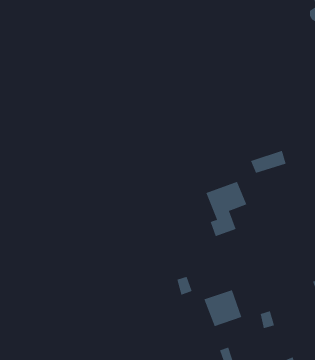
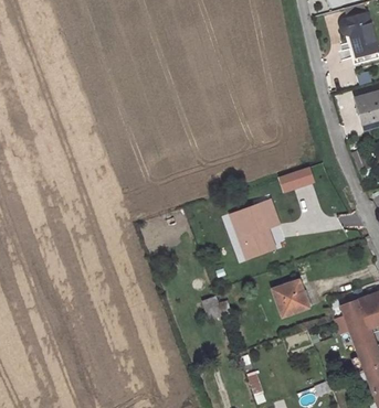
building: [204,289,242,327] -> [274,279,314,318]

